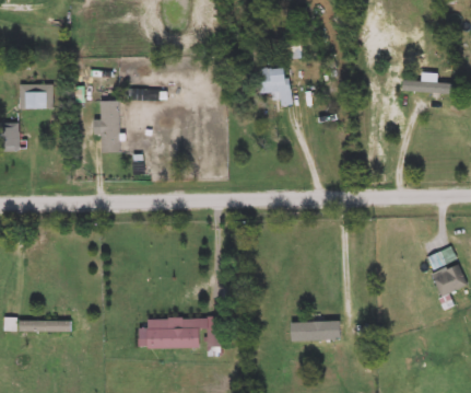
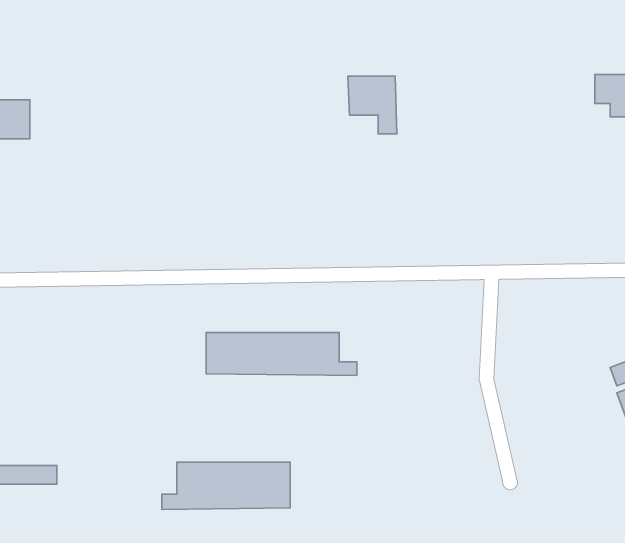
building: [101,101,119,151] -> none
building: none -> [206,332,357,376]
building: [297,327,330,347] -> none

